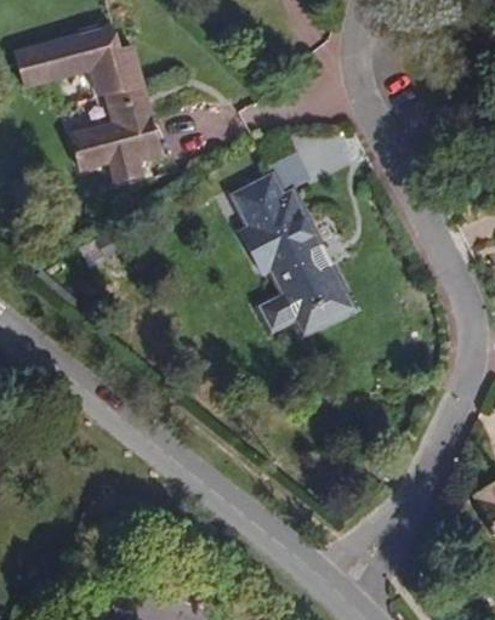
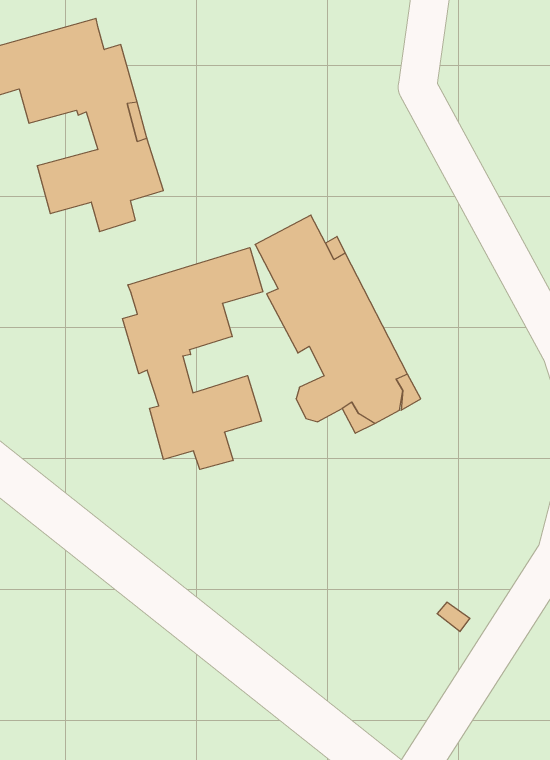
building: none -> [122,248,263,469]

